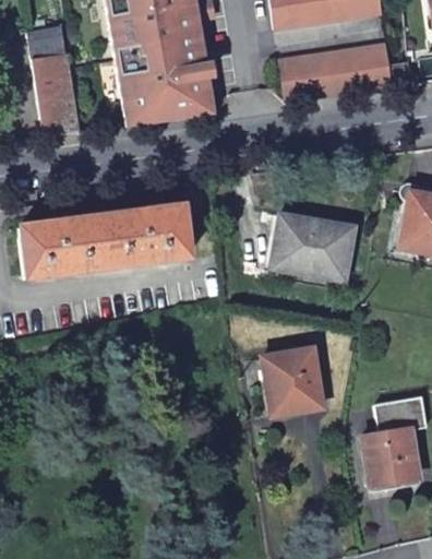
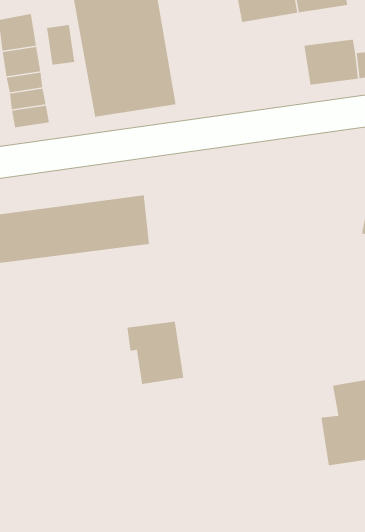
building: none -> [46,24,75,65]
building: [284,52,349,103] -> none
building: [272,212,355,281] -> none
building: [263,349,322,415] -> [127,321,184,385]

